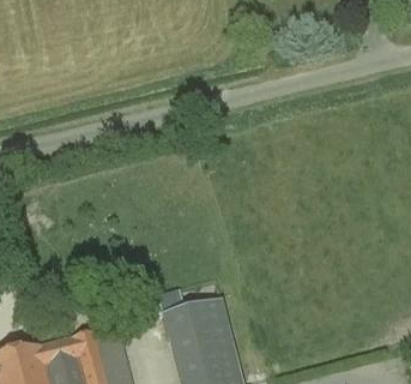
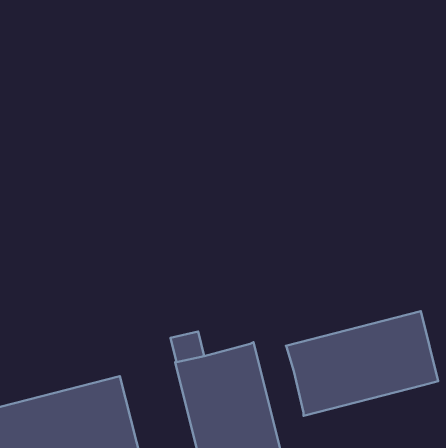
building: none -> [286,311,438,416]

